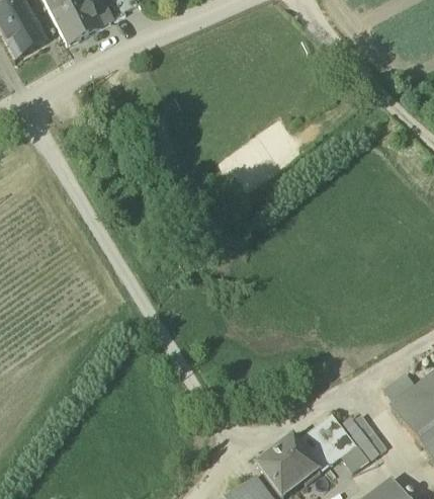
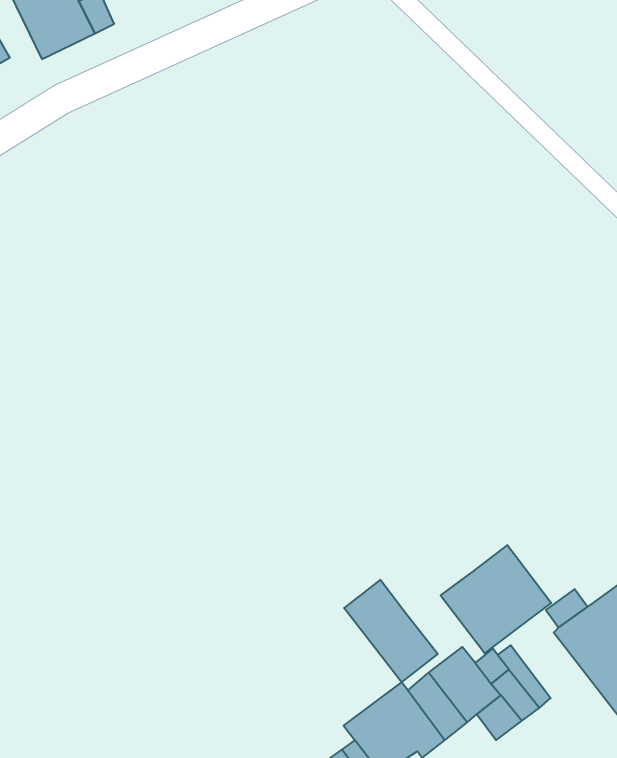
building: none -> [441,545,551,653]
building: none -> [344,580,438,682]

